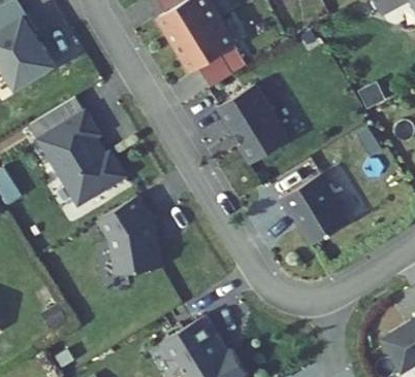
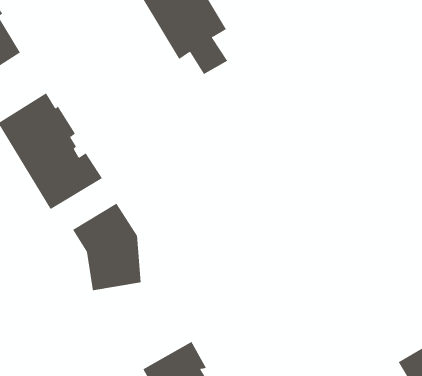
building: [220,78,300,165] -> none
building: [290,177,353,242] -> none

